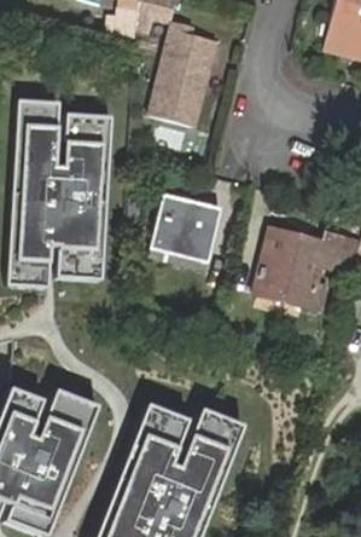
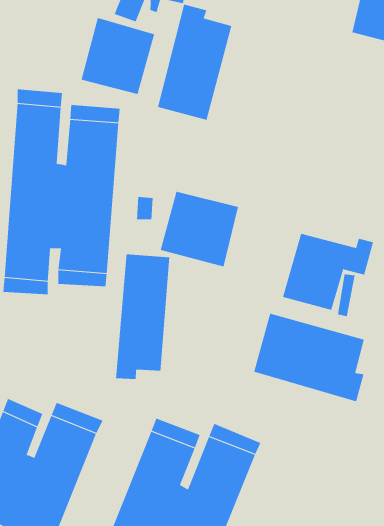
building: none -> [81,17,155,95]
building: none -> [115,253,170,380]
building: none -> [253,313,365,402]

